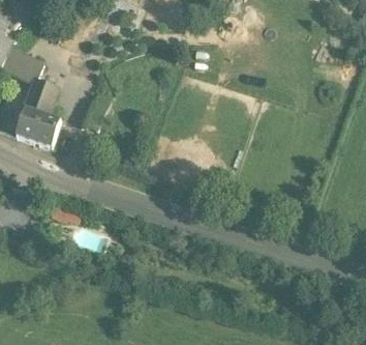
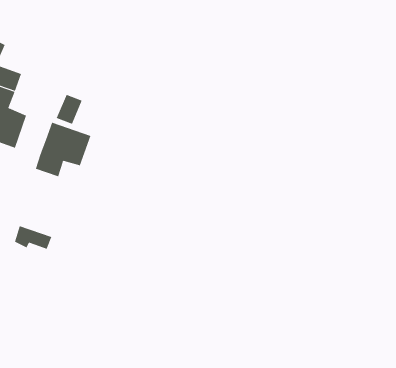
building: none -> [35,122,91,177]

